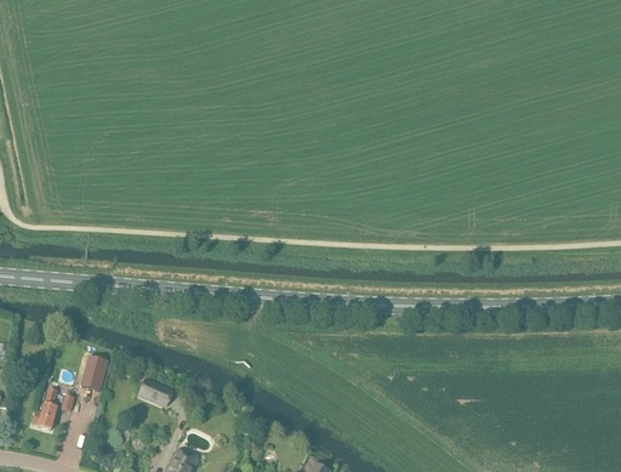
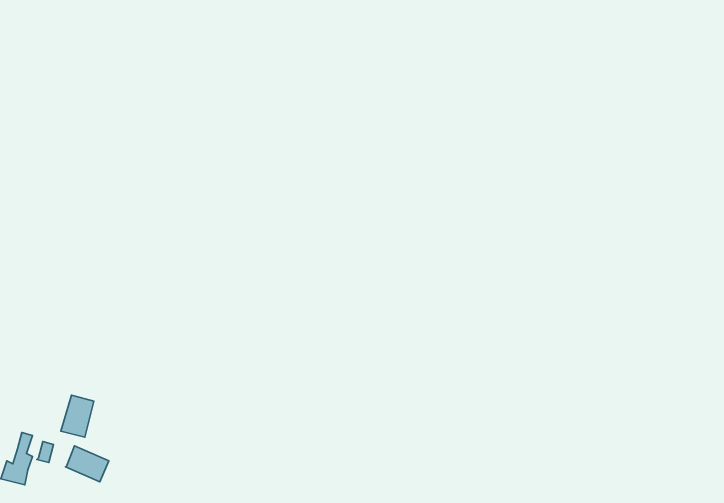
building: [137,377,172,406] -> [65,446,109,482]

